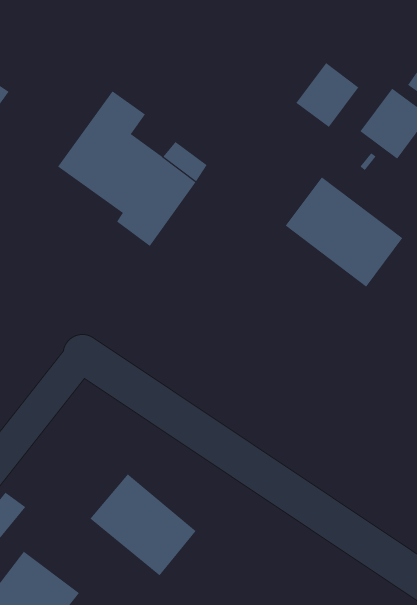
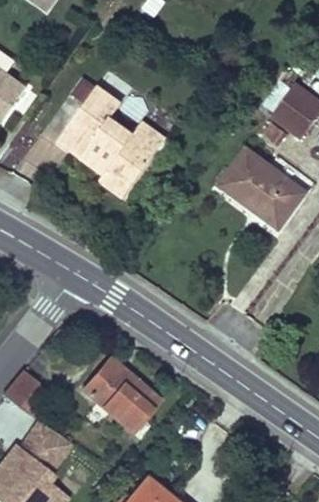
building: [296,62,359,128] -> none

